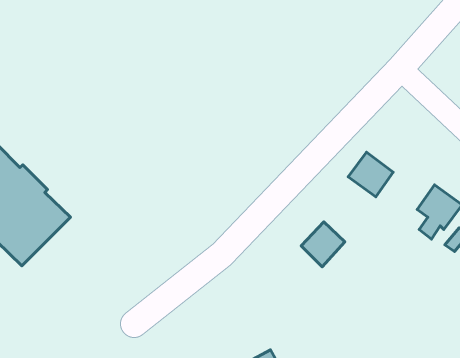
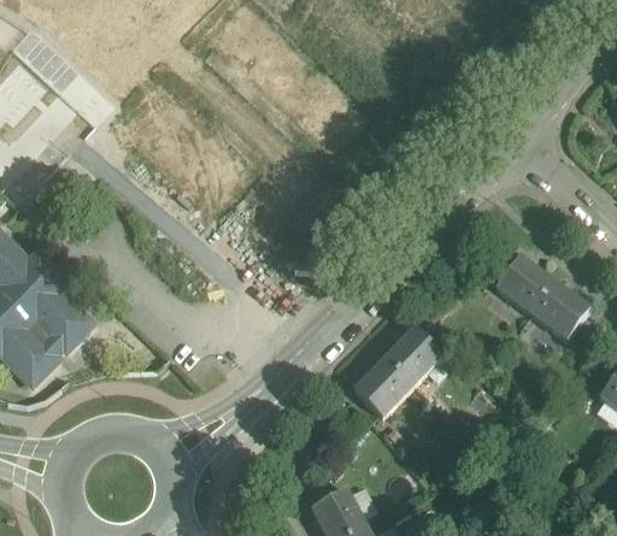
building: [348,152,393,197] -> [496,255,553,312]
building: none -> [354,358,411,414]

